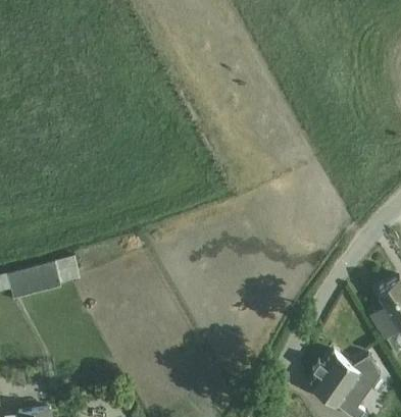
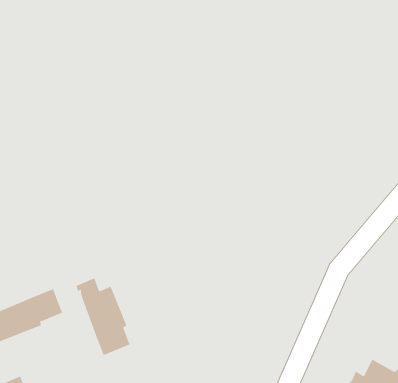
building: none -> [76,277,130,356]

